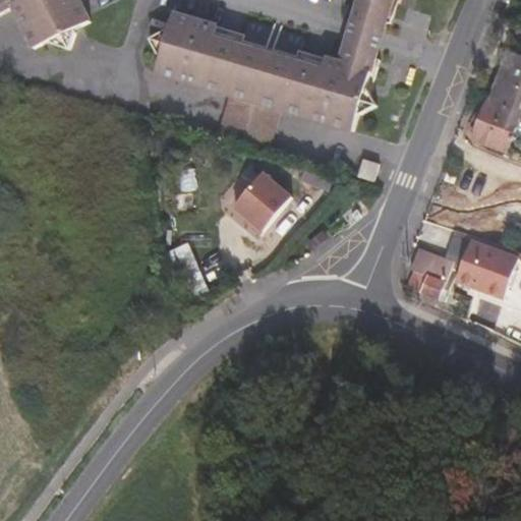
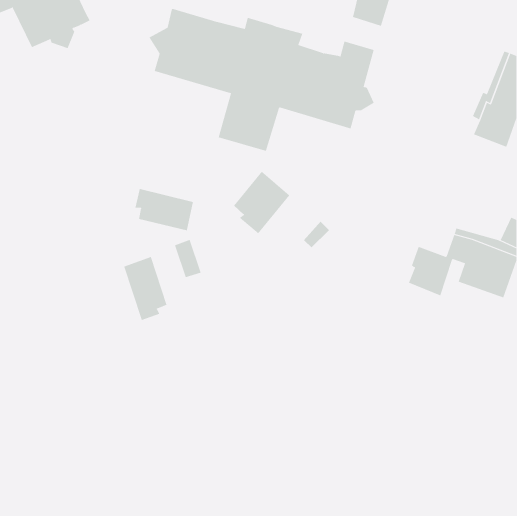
building: [344,17,382,50] -> none
building: none -> [135,188,193,231]
building: none -> [124,256,167,321]

